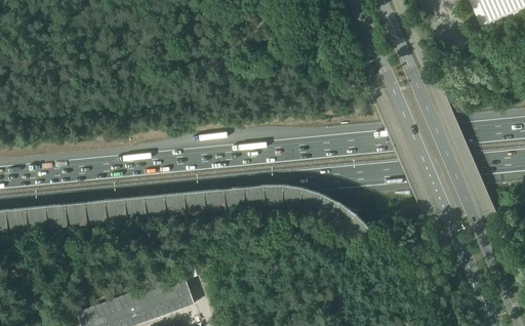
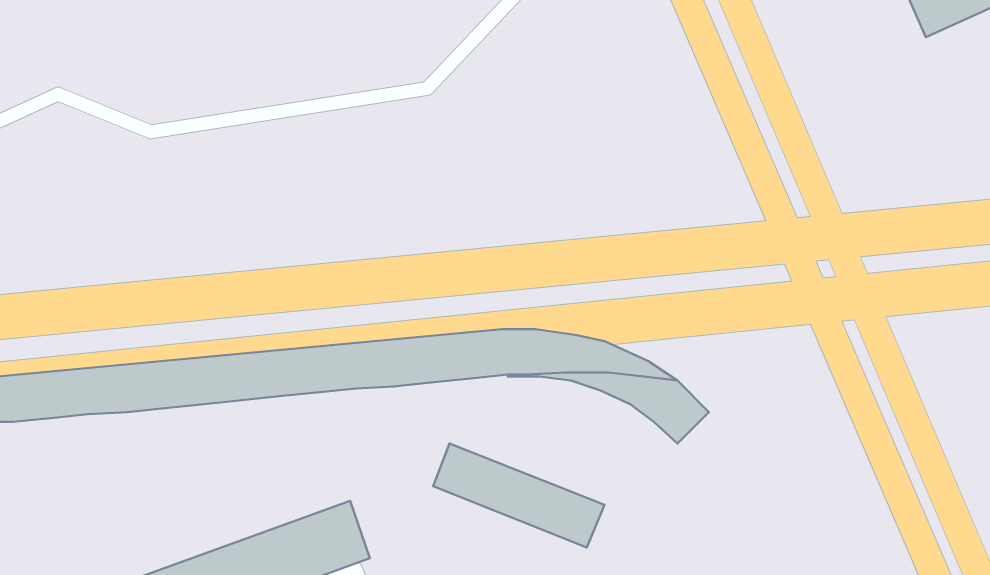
building: none -> [433,443,604,548]

